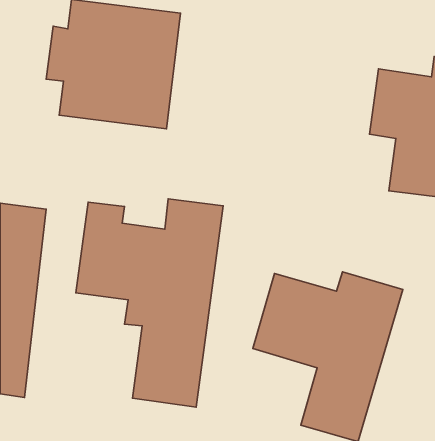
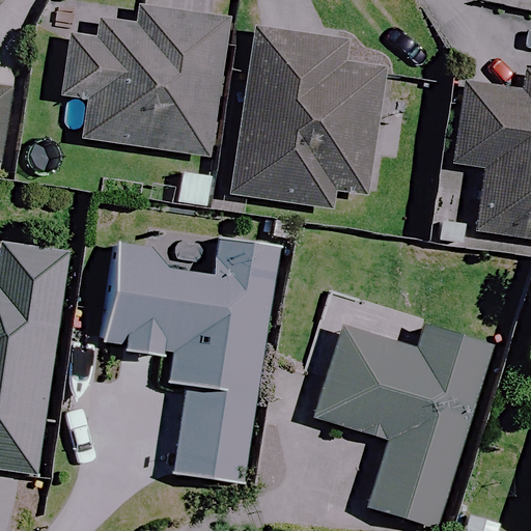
building: none -> [237,28,383,204]

